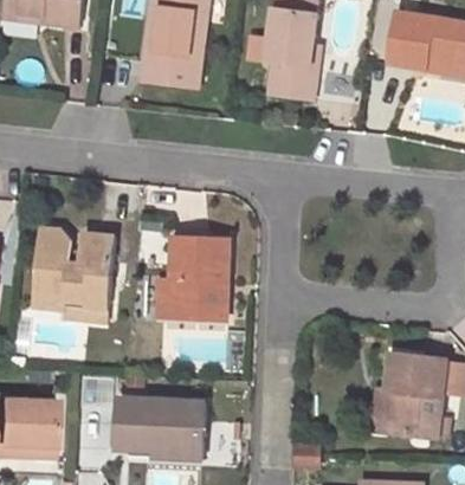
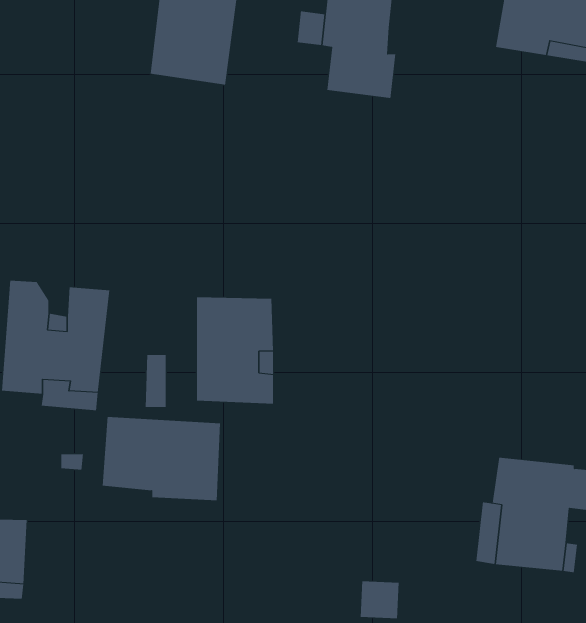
building: [117,397,202,458] -> [102,416,221,501]

